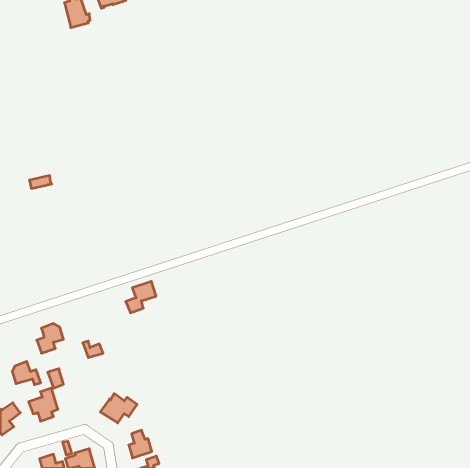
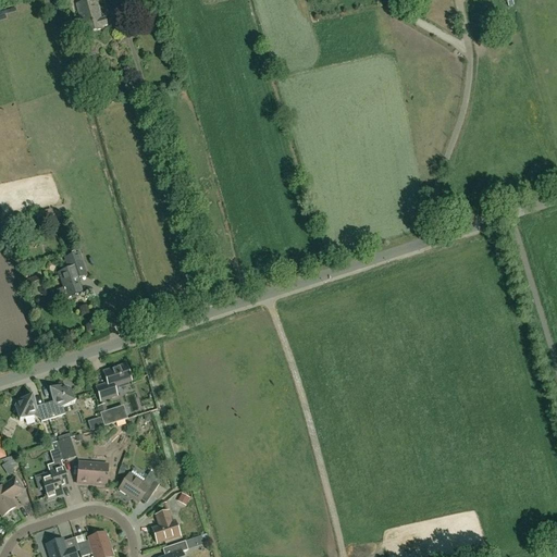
building: none -> [58,250,87,296]
building: [126,281,156,313] -> [96,362,132,399]
building: [12,362,41,385] -> [15,393,49,420]
building: none -> [77,461,108,484]

